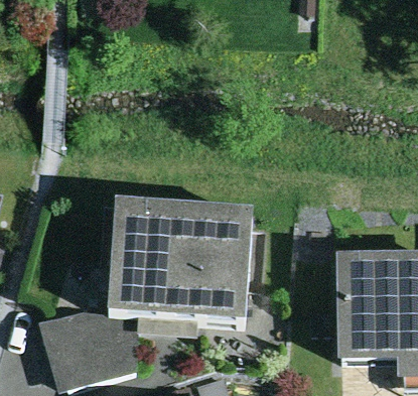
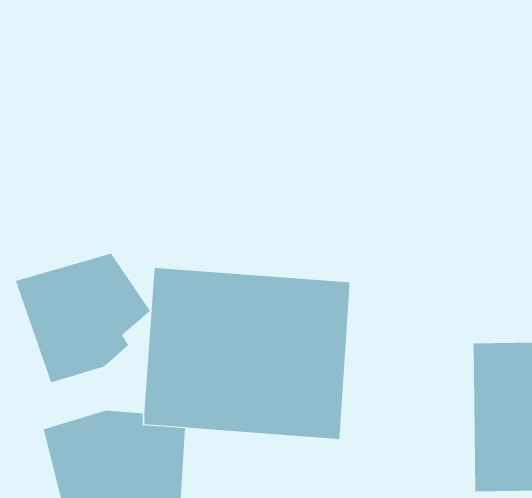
building: none -> [15,253,151,383]

